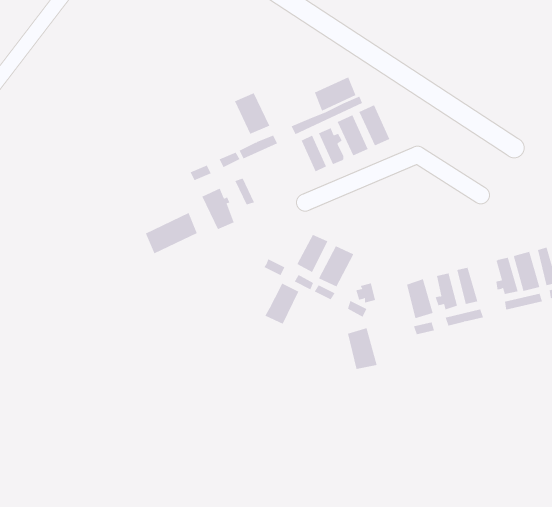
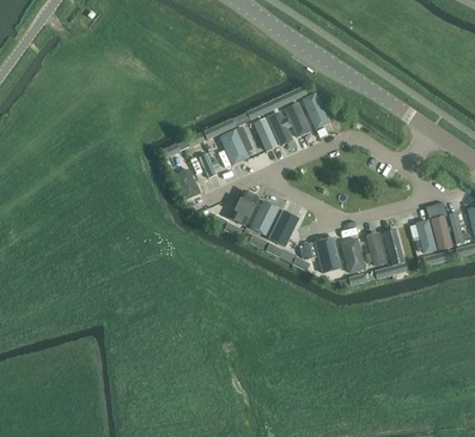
building: [314,77,356,111] -> none
building: [234,93,270,134] -> [219,129,249,164]
building: [145,212,198,254] -> none
building: [264,283,299,325] -> [229,190,257,225]
building: [347,328,377,369] -> [315,237,340,272]

